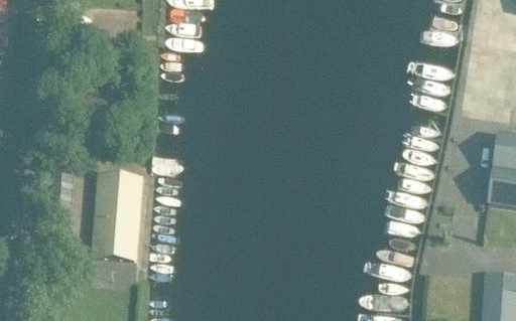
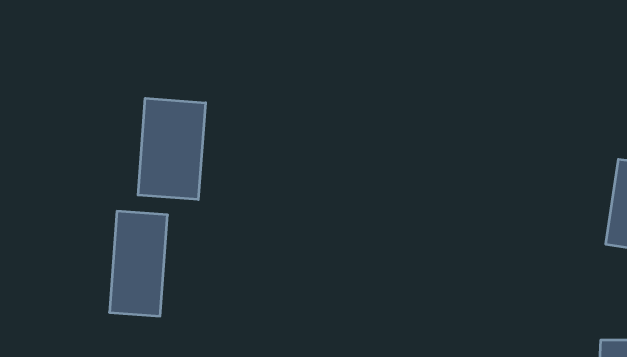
building: none -> [138,98,206,200]

